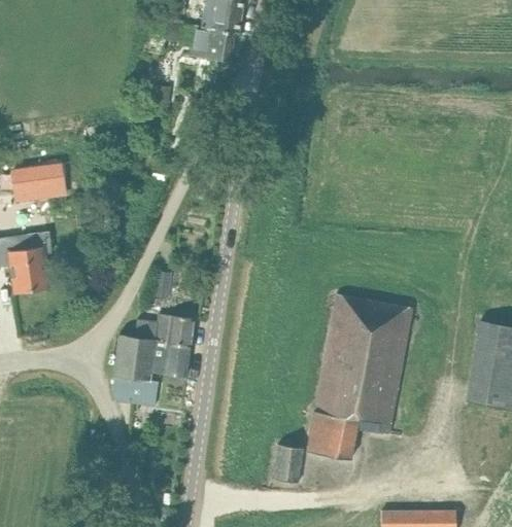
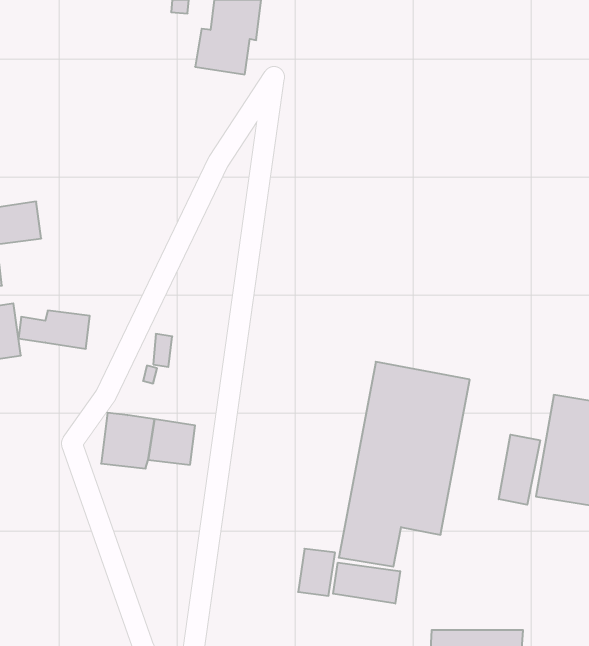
building: [136,314,194,345] -> [19,311,90,349]
building: none -> [499,435,540,505]
building: [114,376,159,401] -> none
building: none -> [333,563,400,604]

